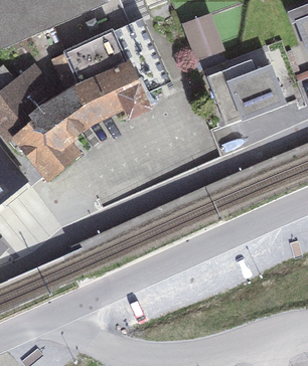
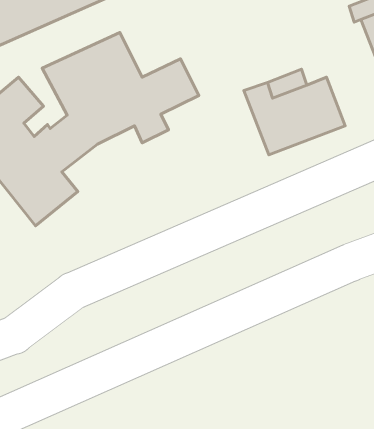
building: [186,16,219,57] -> none
building: [112,17,158,65] -> none

